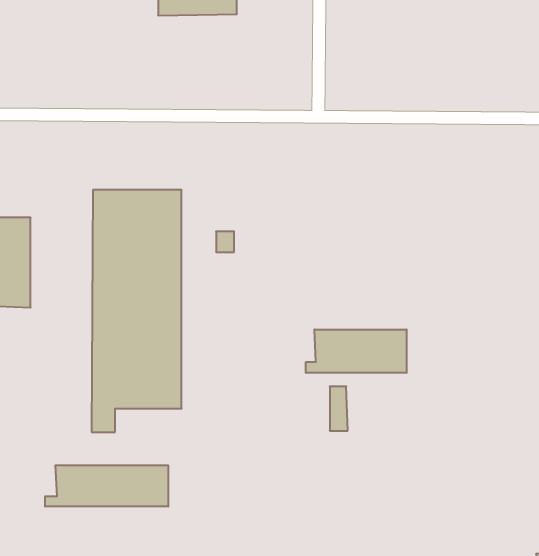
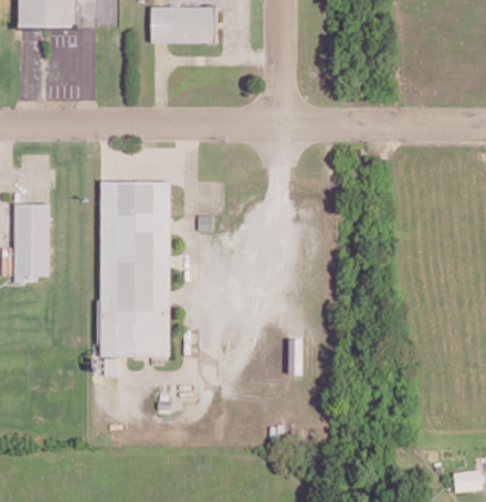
building: [306,329,407,373] -> none
building: [45,465,168,507] -> none

